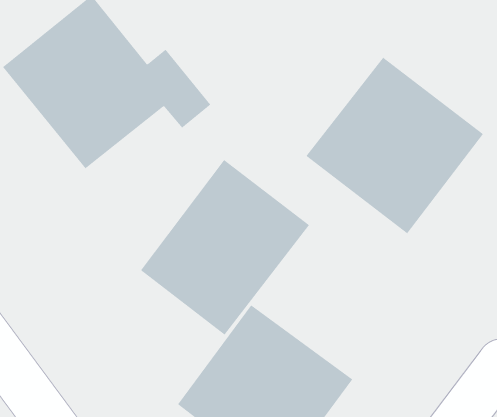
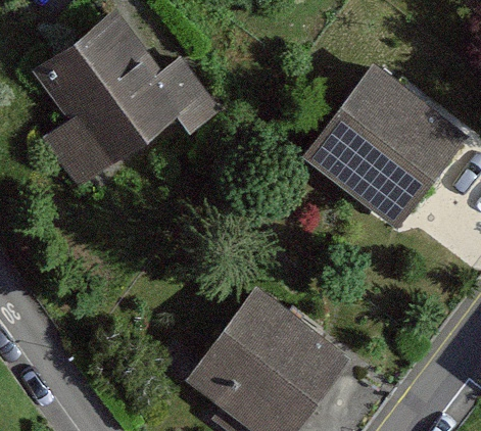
building: [140,159,310,336] -> none

